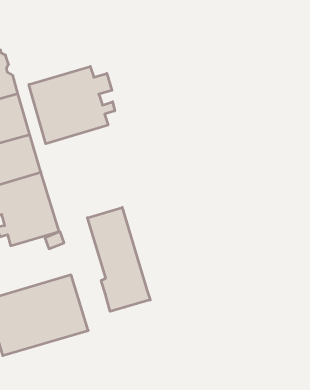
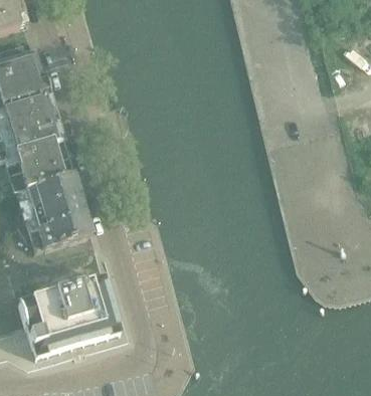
building: [29,66,115,144] -> none
building: [87,207,150,311] -> none

